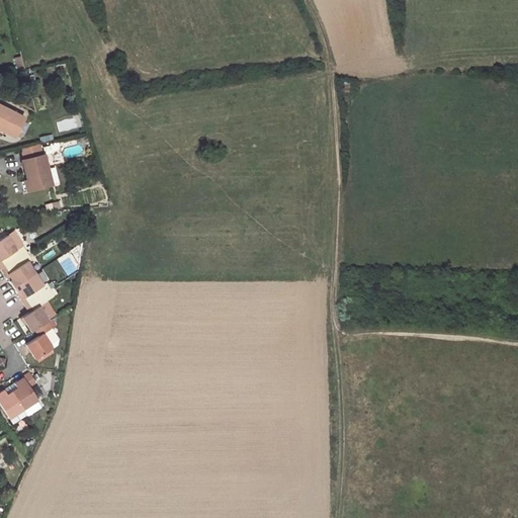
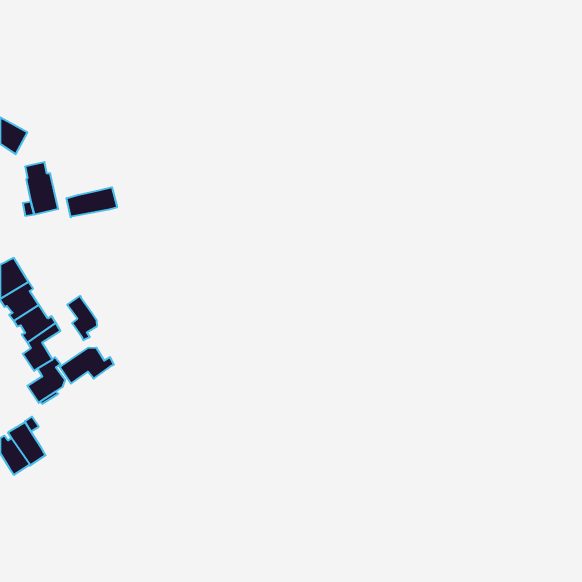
building: none -> [67,187,117,217]
building: none -> [67,296,97,340]
building: none -> [60,348,114,384]

